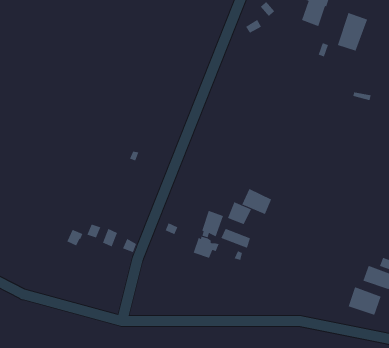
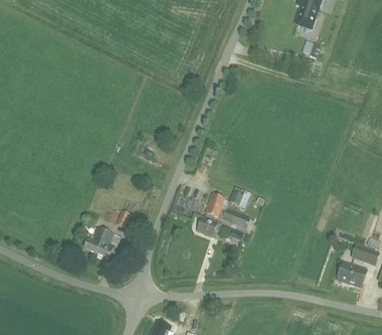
building: [337,12,368,51] -> none
building: [242,188,272,215] -> none
building: none -> [83,227,116,259]

